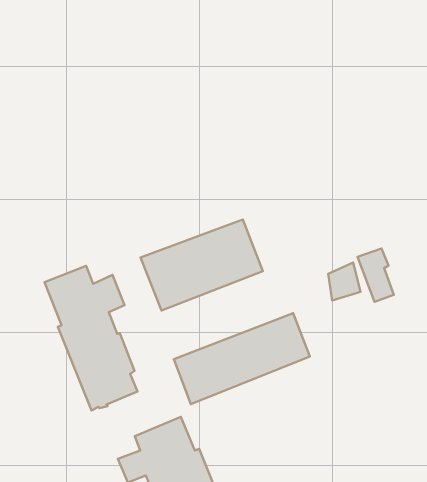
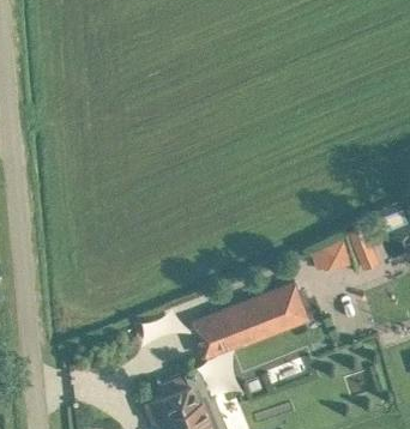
building: [140,219,263,311] -> none
building: [44,266,137,411] -> none

